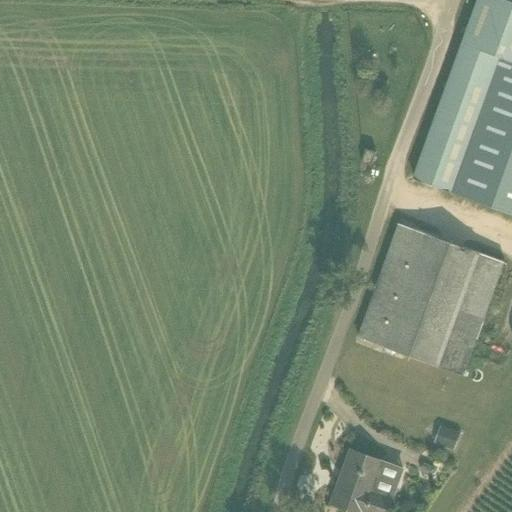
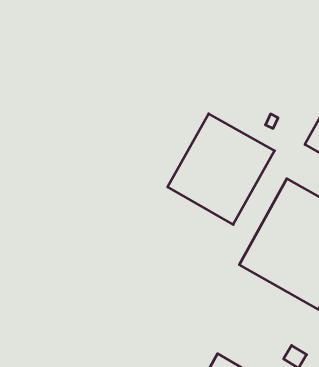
building: none -> [168,114,275,225]

